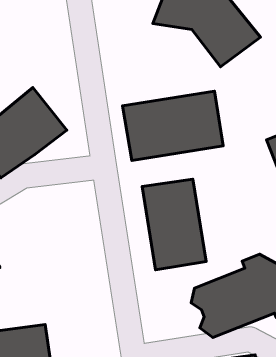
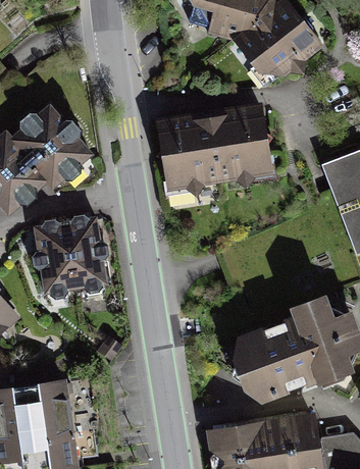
building: [142,179,206,270] -> none
building: none -> [33,216,107,295]

